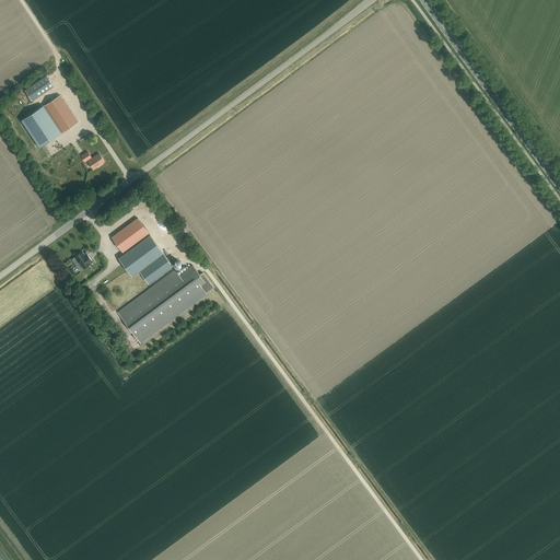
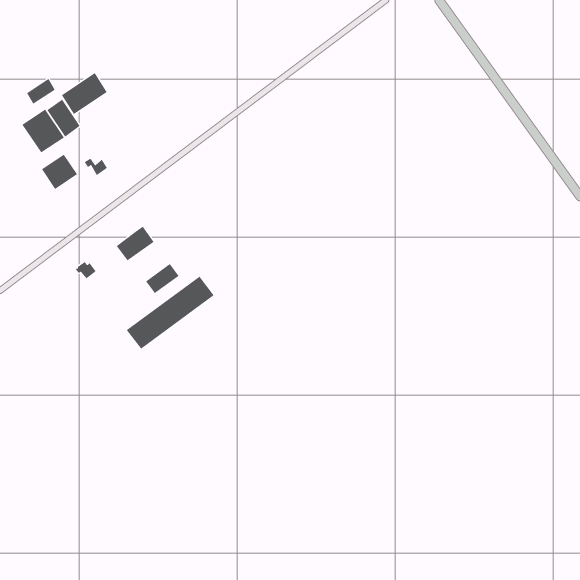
building: none -> [61,72,107,115]
building: none -> [41,154,78,190]
building: [119,235,164,276] -> none

